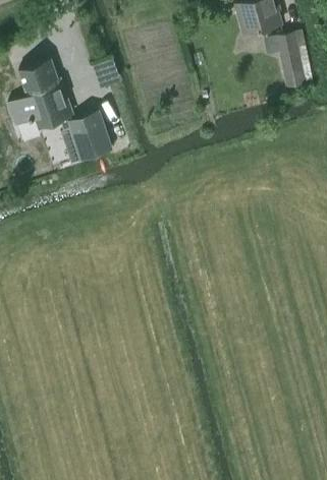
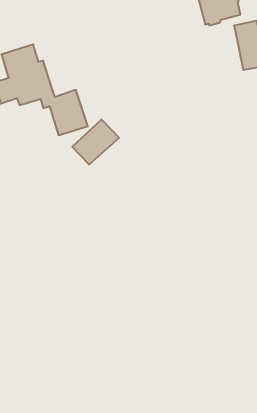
building: none -> [72,119,119,165]

